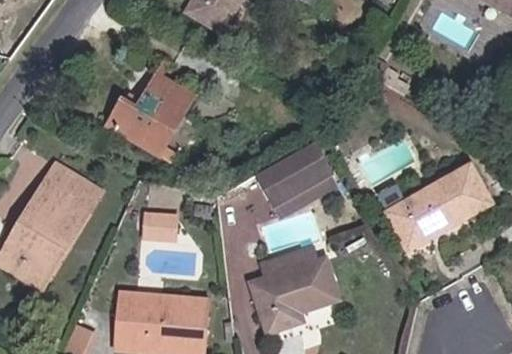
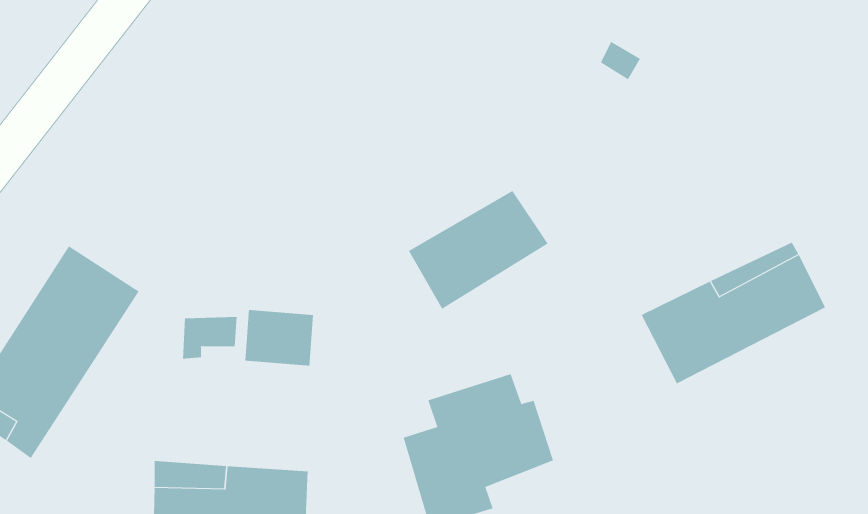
building: [109,75,193,154] -> none

